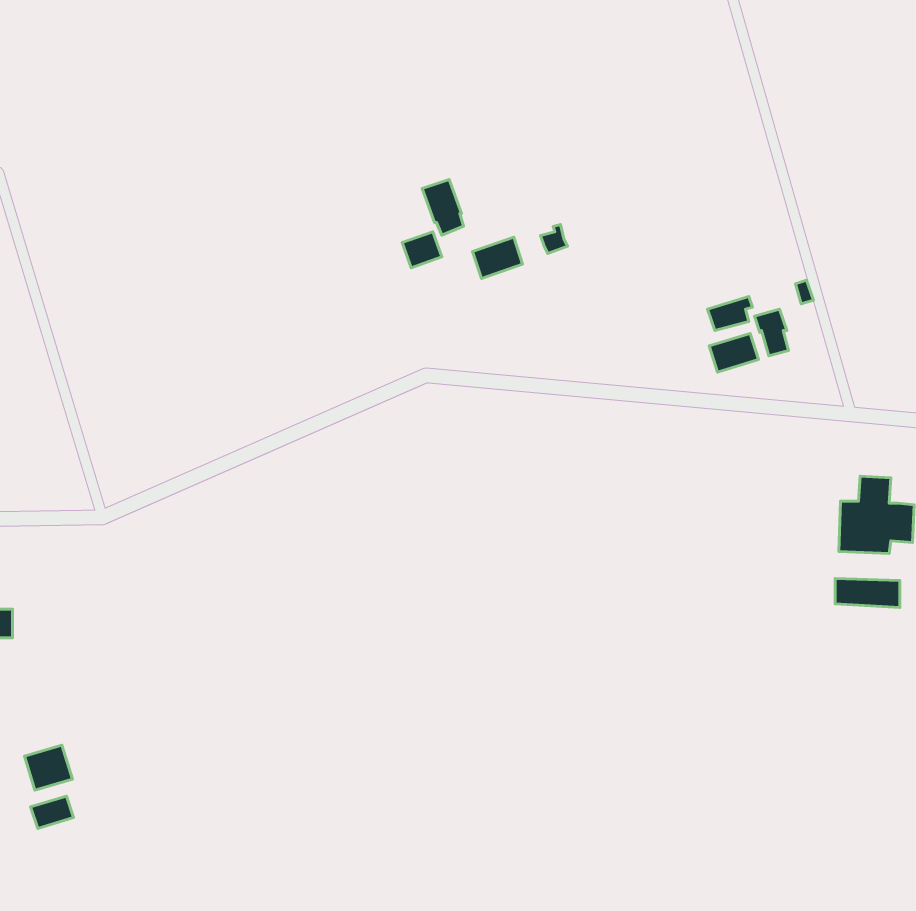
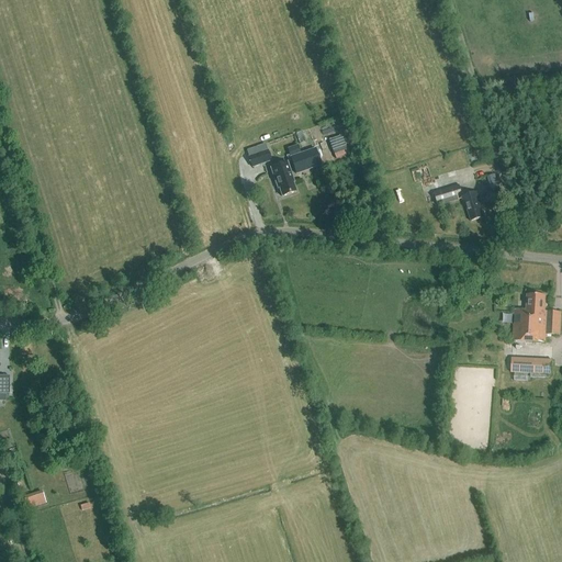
building: [422,180,463,235] -> [268,159,293,193]
building: [709,333,758,372] -> none
building: [24,745,72,790] -> none

